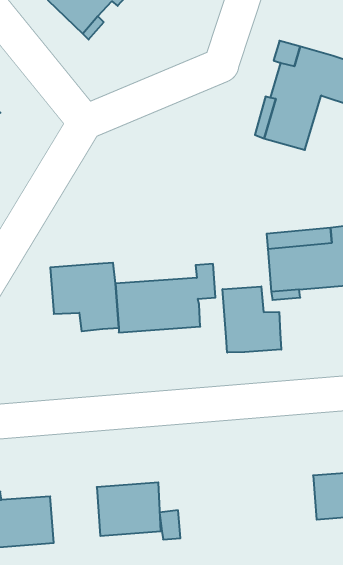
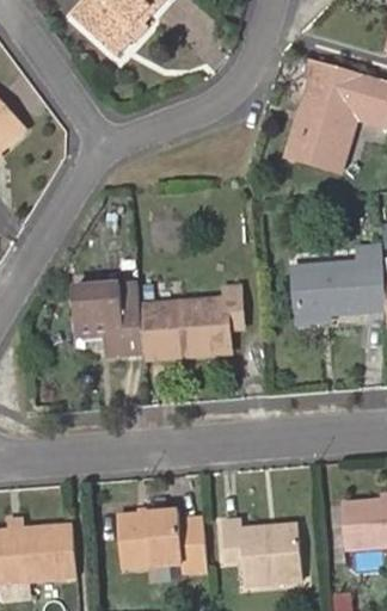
building: [223,286,281,353] -> none
building: none -> [223,525,300,586]

